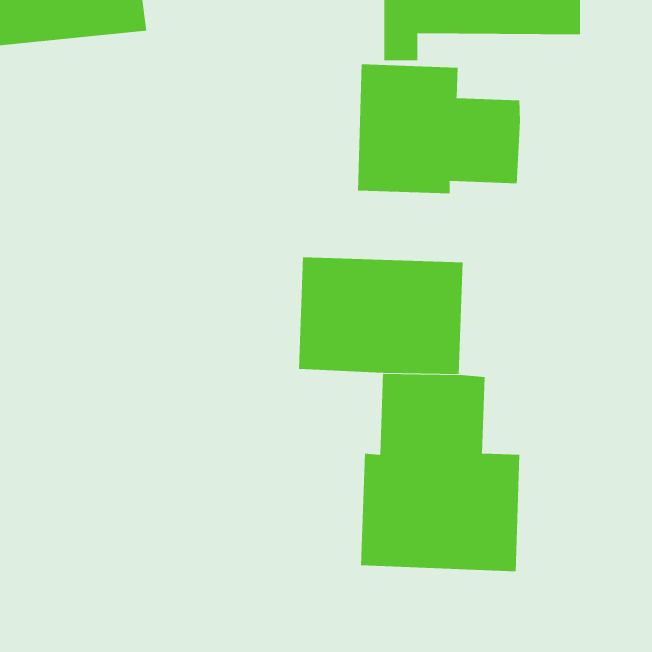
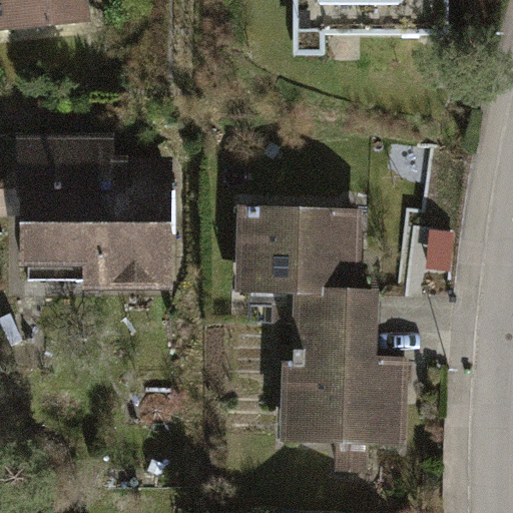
building: [358,64,521,194] -> none
building: none -> [20,129,172,290]

